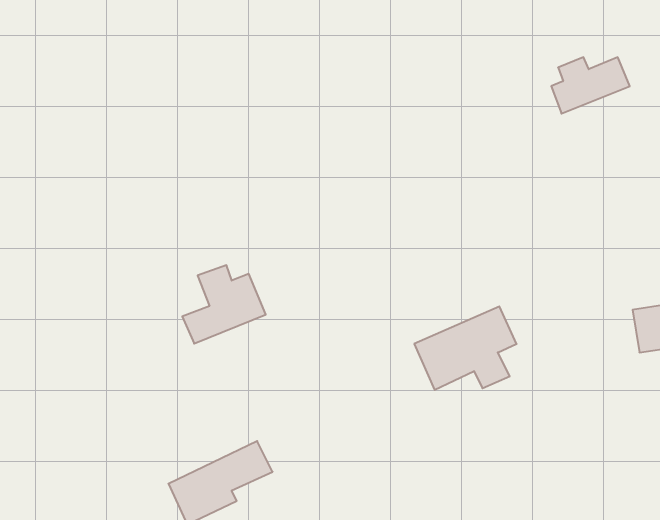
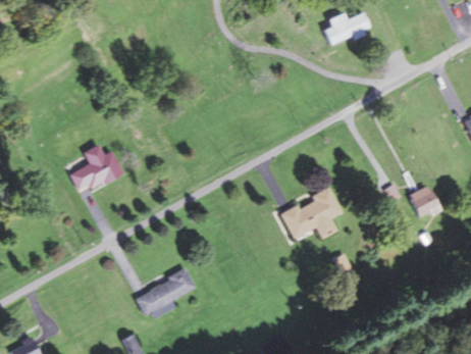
building: [551,57,630,114] -> [325,12,372,46]
building: [182,265,266,344] -> [73,145,123,192]

